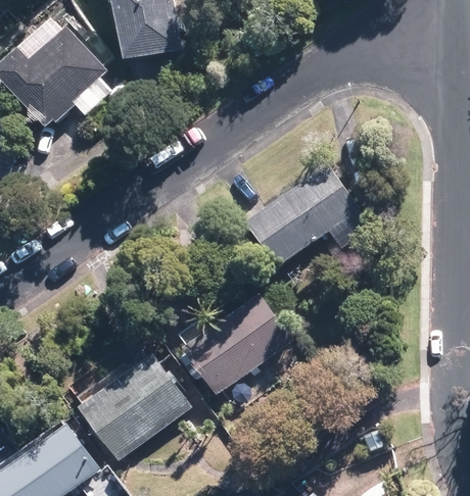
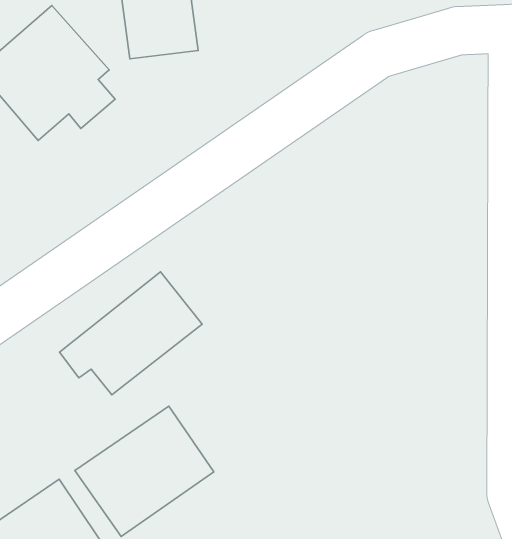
building: [243,163,368,265] -> none
building: [171,291,290,394] -> [59,272,202,395]

